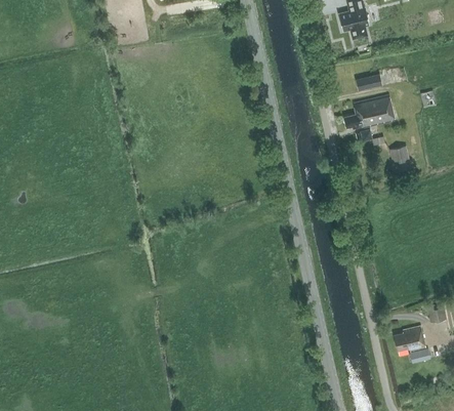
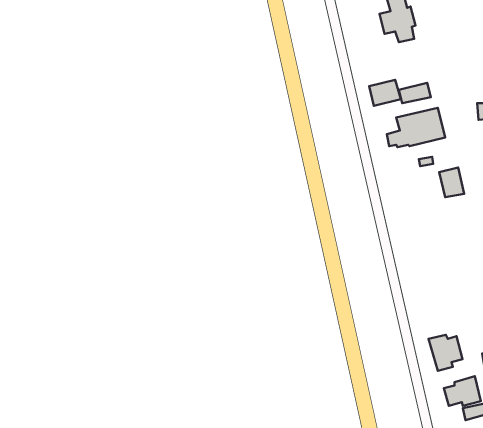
building: none -> [369,80,401,106]
building: none -> [429,335,463,371]

